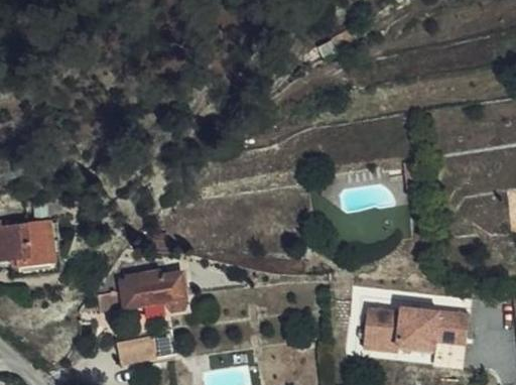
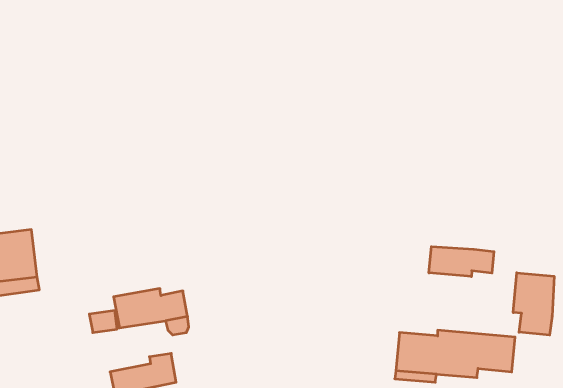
building: none -> [429,247,494,277]
building: none -> [513,273,554,335]

